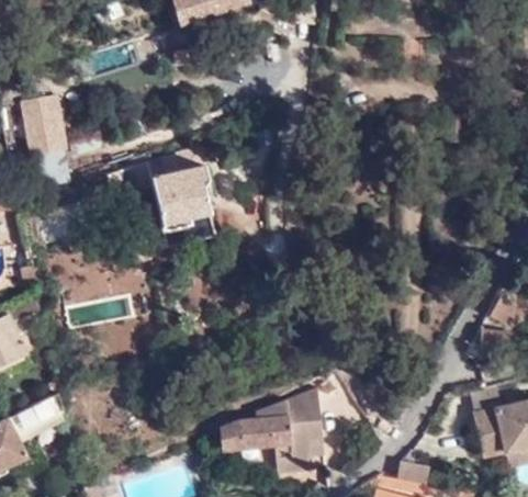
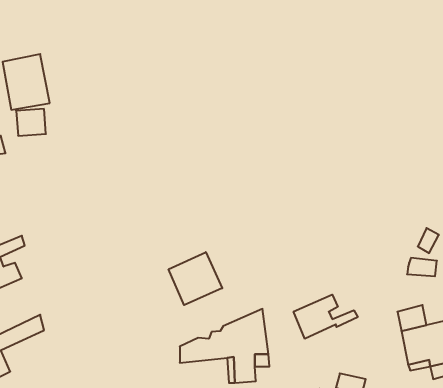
building: [123,146,210,228] -> none
building: none -> [169,252,222,305]
building: none -> [294,295,358,339]

